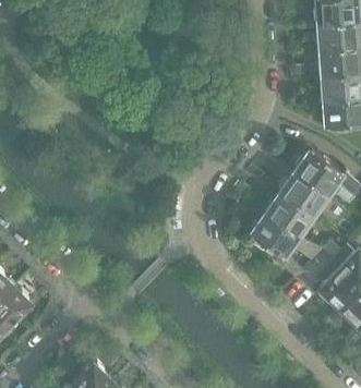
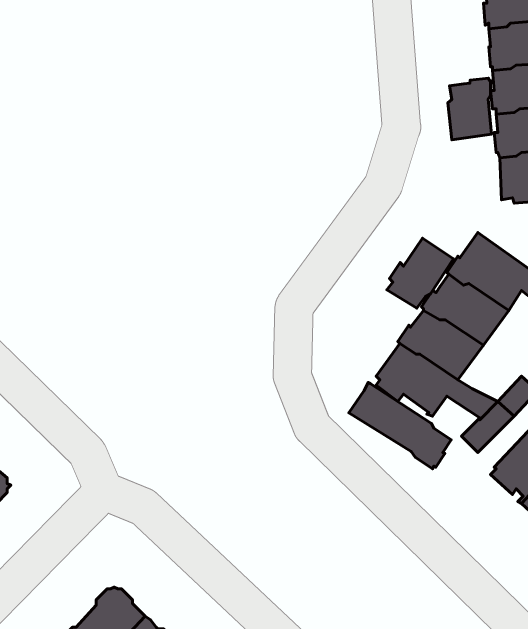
building: none -> [448,78,492,140]
building: none -> [387,238,453,308]
building: none -> [349,382,451,469]

